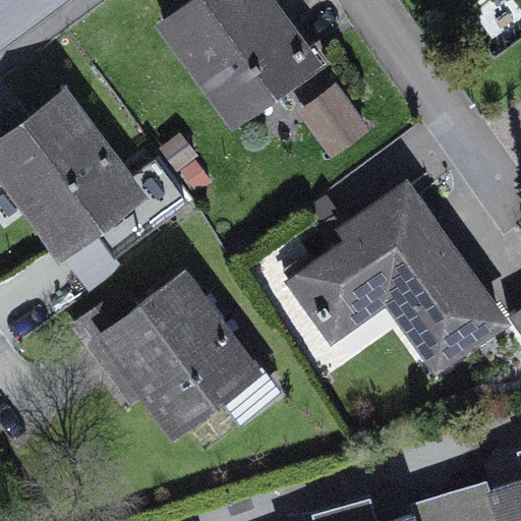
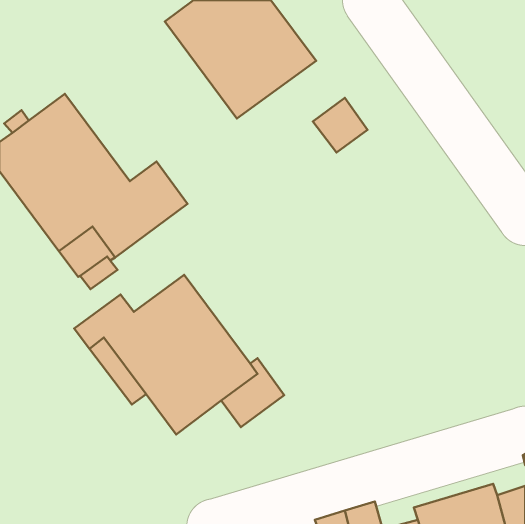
building: [294,195,500,359] -> none

